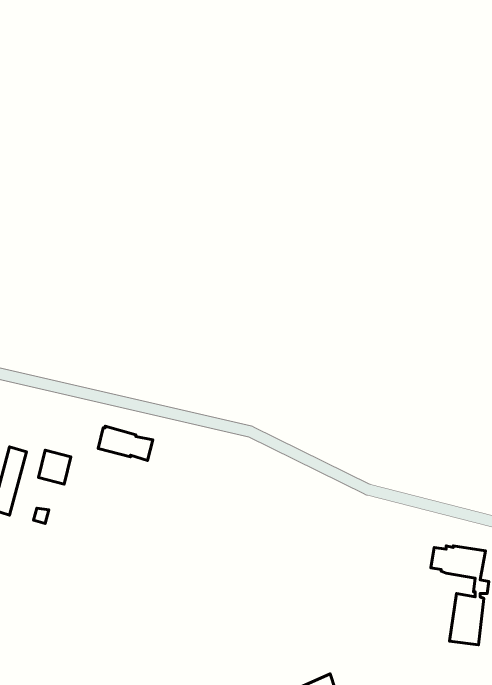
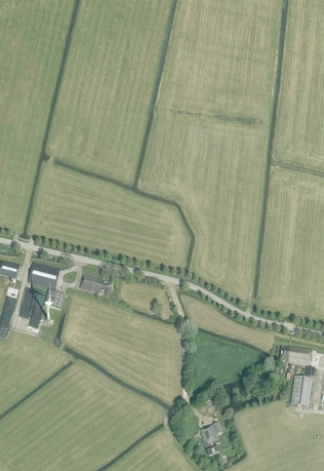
building: none -> [28,263,59,289]

